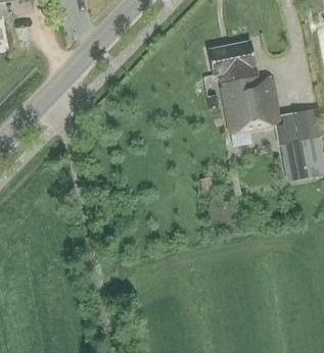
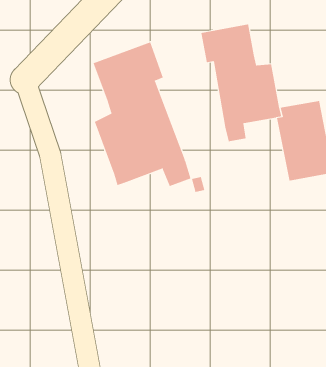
building: none -> [93,42,191,187]

